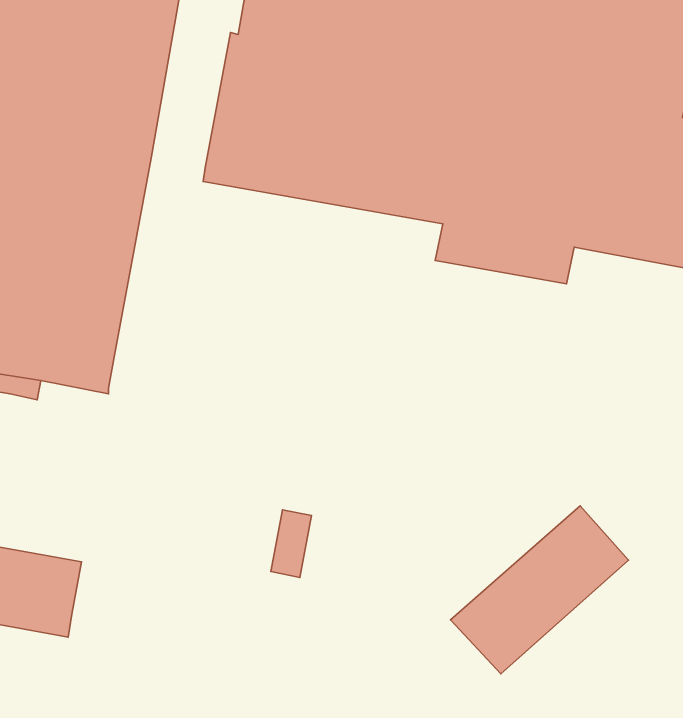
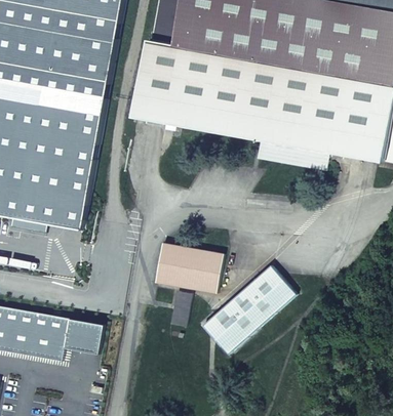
building: none -> [153,245,222,293]
building: [451,506,628,674] -> [199,267,293,357]
building: none -> [62,319,101,353]

